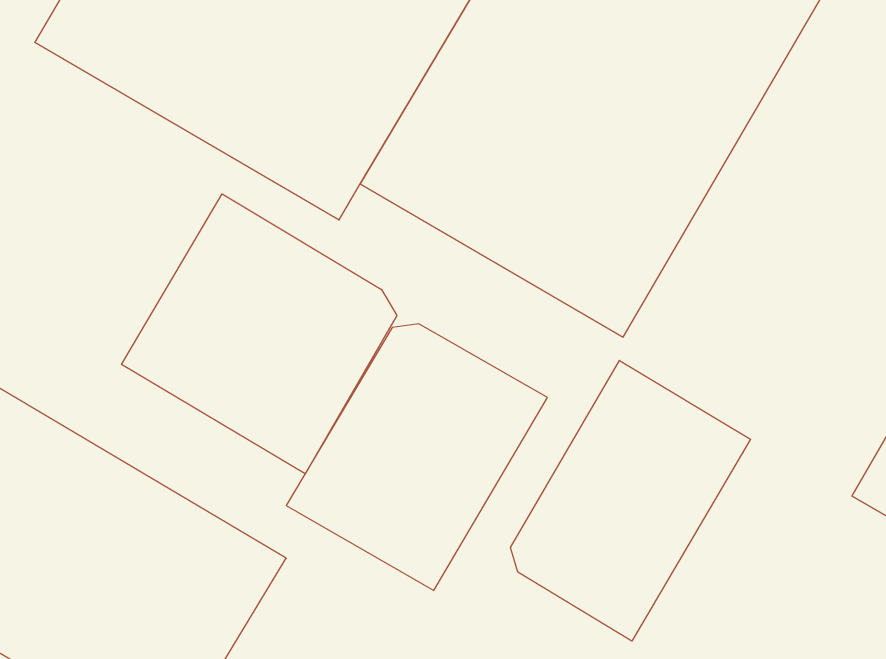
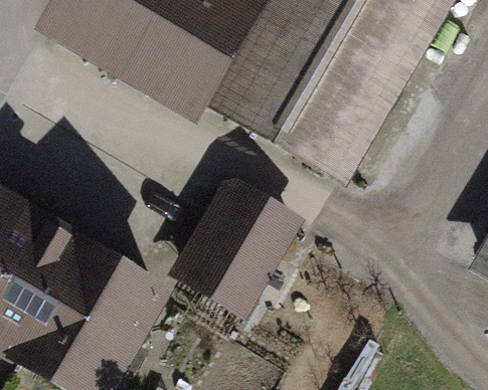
building: [122,194,397,474] -> none
building: [511,360,751,641] -> none

